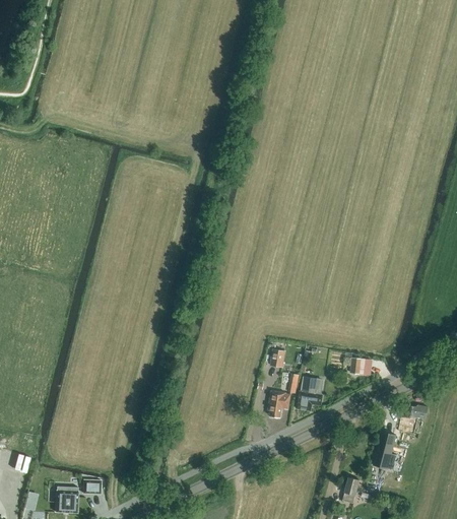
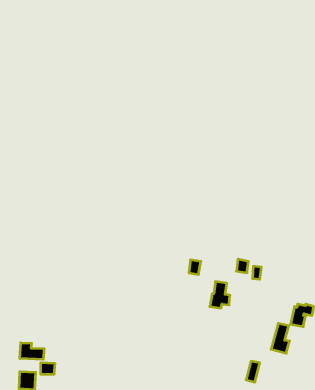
building: [267,391,286,417] -> none
building: none -> [20,343,44,359]

